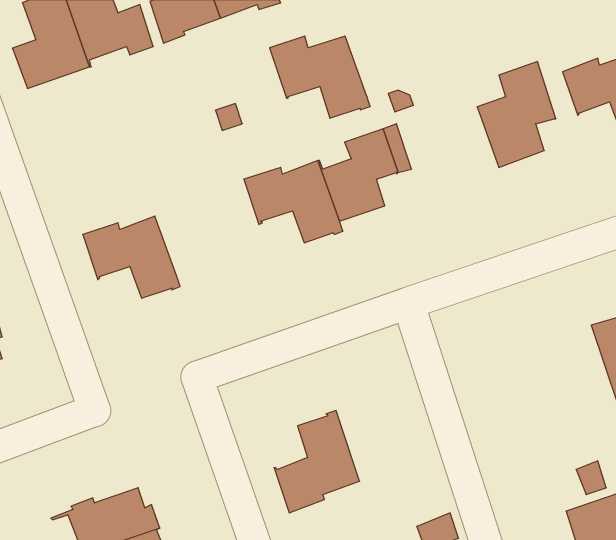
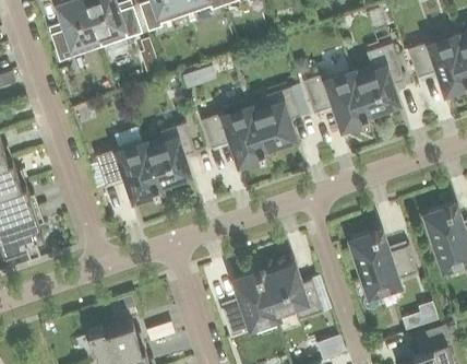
building: [270,36,370,118] -> [302,73,368,127]
building: none -> [142,124,194,184]
building: none -> [350,232,417,294]
building: none -> [262,268,322,320]

